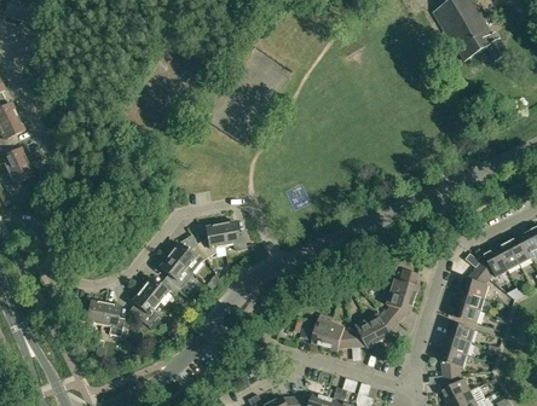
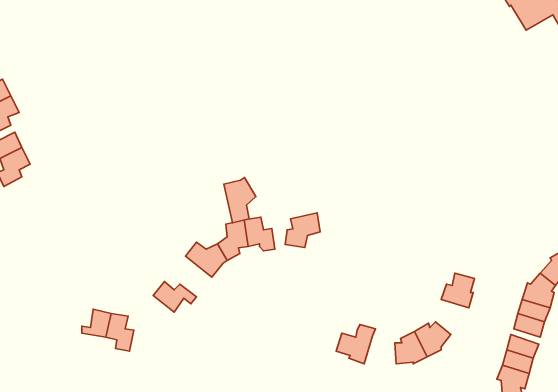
building: none -> [224,178,256,223]
building: none -> [285,213,320,248]
building: [160,254,192,289] -> none
building: [133,288,160,325] -> none
building: [386,291,415,321] -> none
building: [324,323,352,350] -> none

